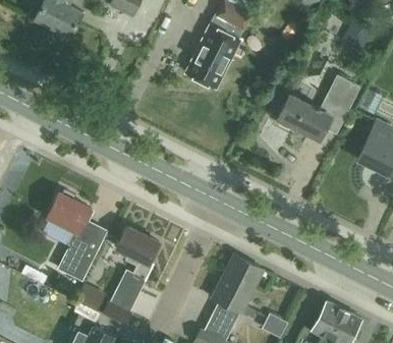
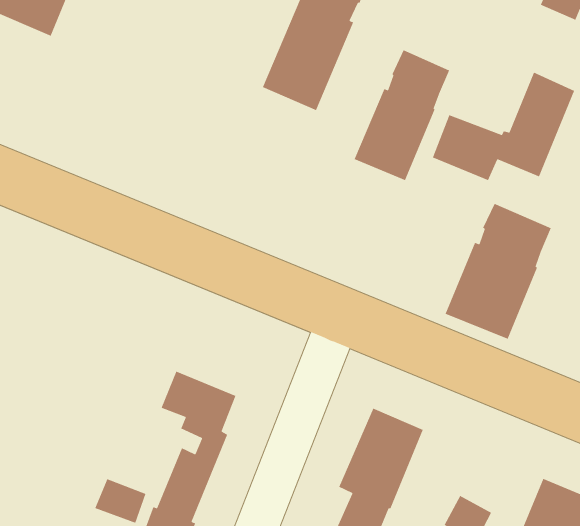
building: none -> [354,49,450,181]
building: none -> [445,203,552,340]
building: [43,192,106,281] -> none

